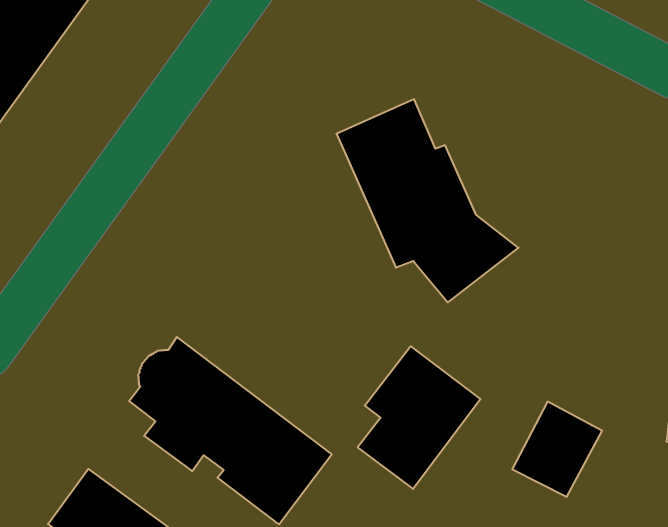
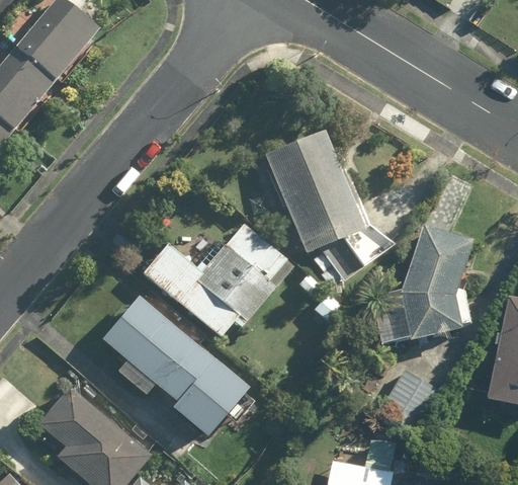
building: none -> [379,223,481,343]
building: none -> [142,223,291,336]
building: [358,346,481,489] -> none

